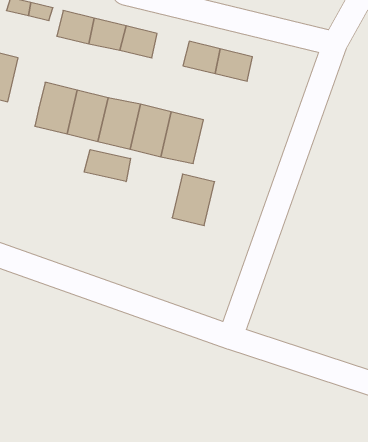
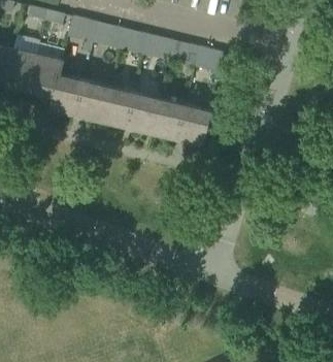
building: none -> [144,34,174,60]
building: none -> [29,54,63,94]
building: [84,150,131,182] -> none
building: [172,174,215,226] -> [177,103,211,144]

